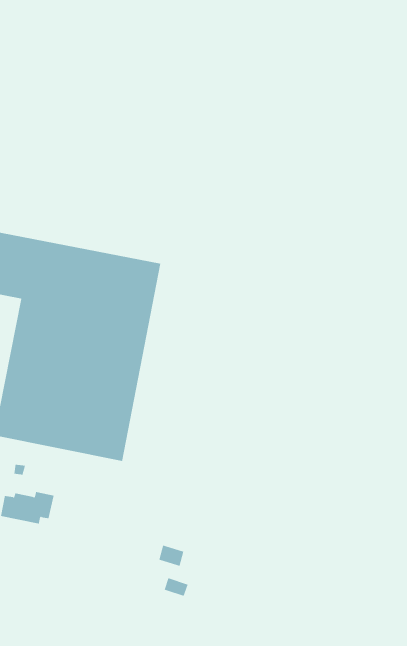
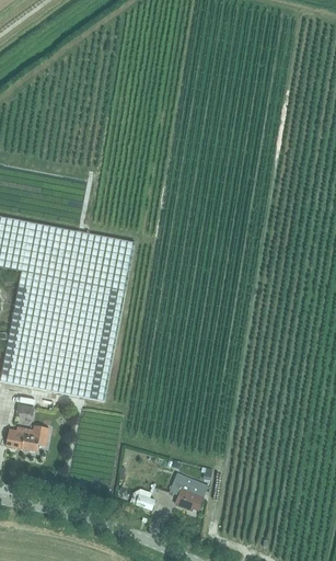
building: none -> [169,476,206,510]

